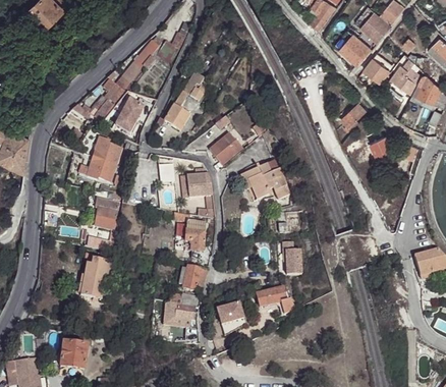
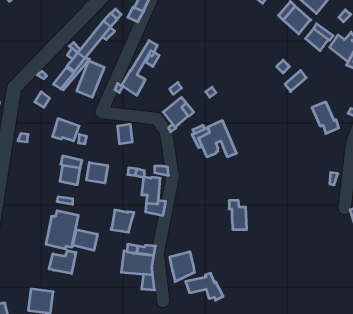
building: [93,137,121,165] -> none
building: [185,173,211,198] -> none
building: none -> [86,162,108,183]
building: [181,267,207,291] -> [111,210,134,232]
building: none -> [73,230,97,250]
building: [255,285,295,315] -> [186,273,223,300]
building: none -> [49,250,76,274]

